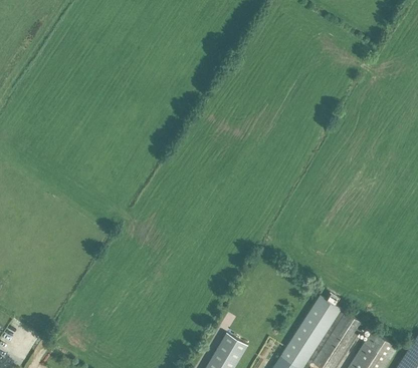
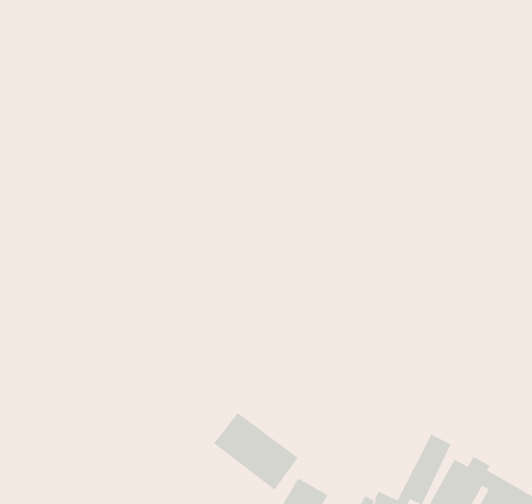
building: none -> [213,412,298,490]

